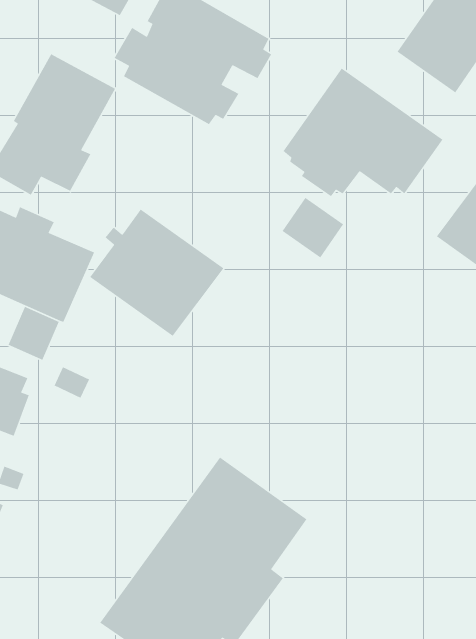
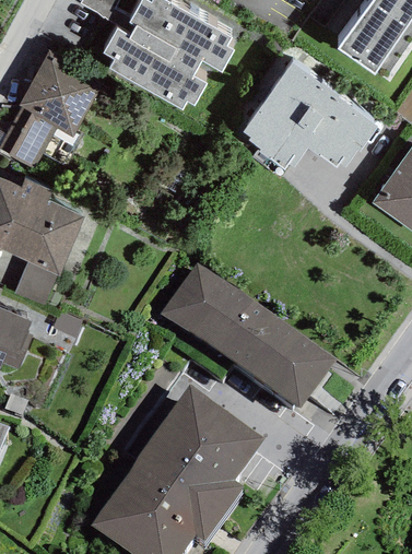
building: [281,197,344,259] -> none
building: [89,209,224,337] -> none
building: none -> [161,261,333,409]

